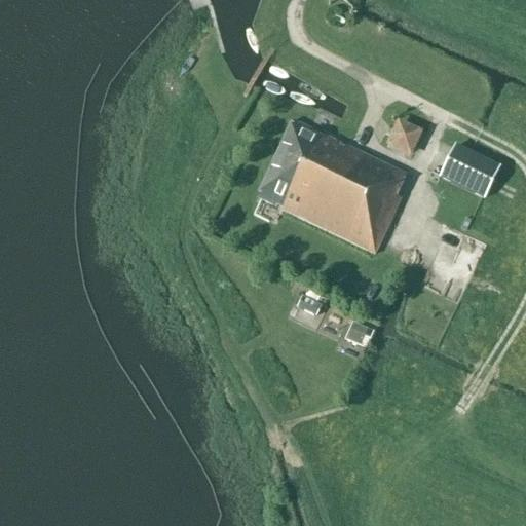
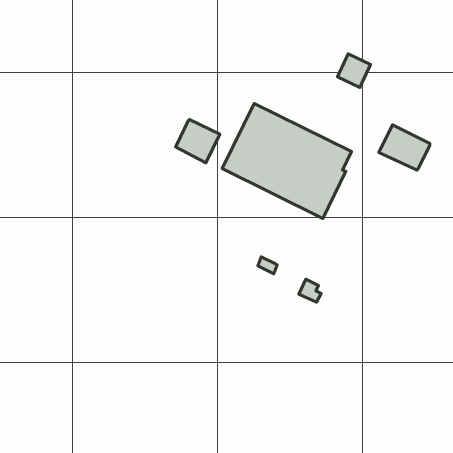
building: [387,118,425,157] -> [337,54,370,88]
building: none -> [175,120,220,163]

